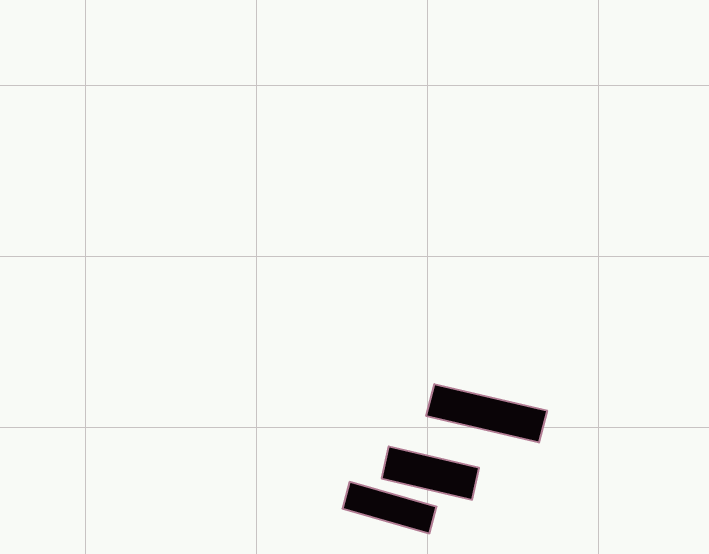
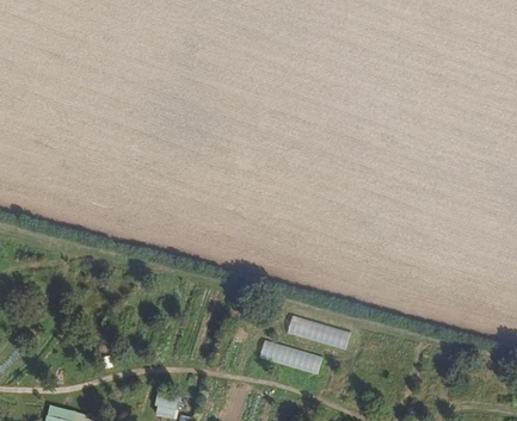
building: [426,384,547,443] -> none

